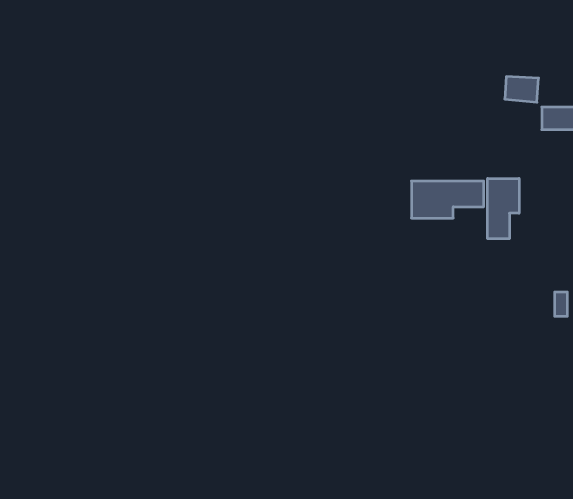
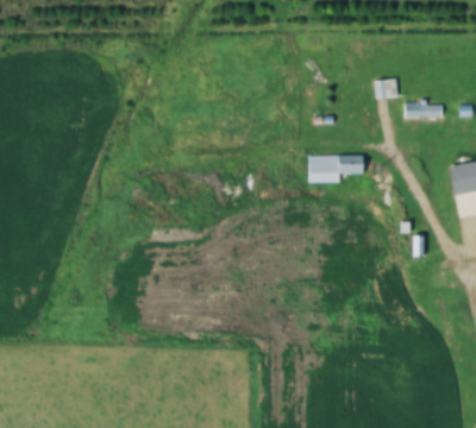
building: [488,178,519,239] -> none

